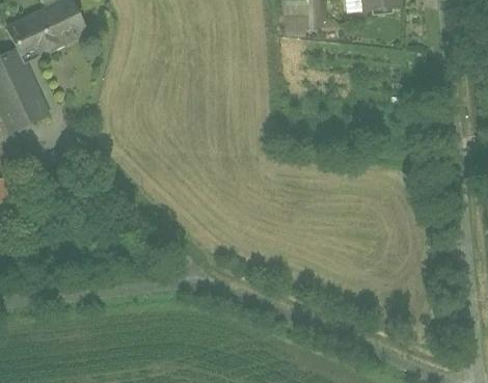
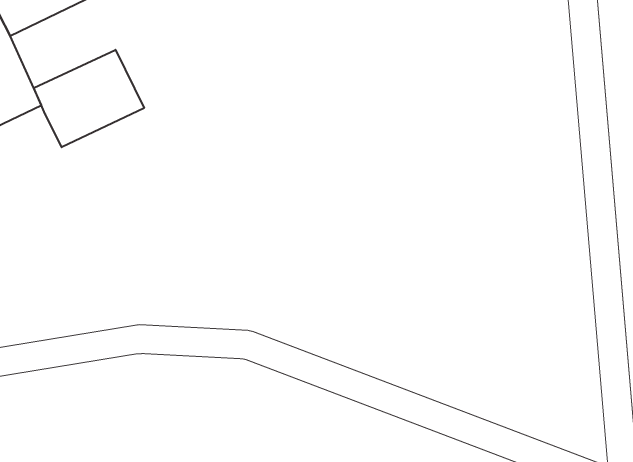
building: none -> [34,50,144,147]

